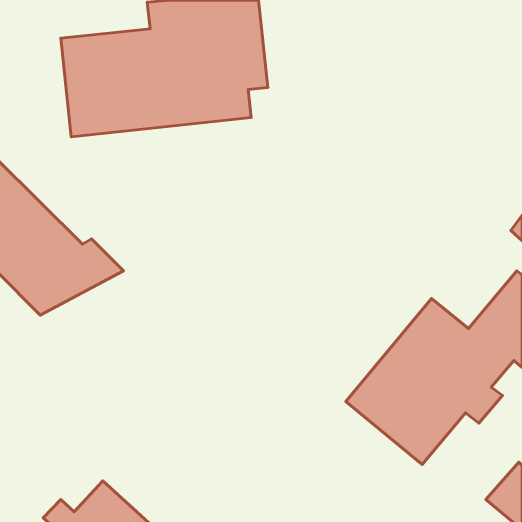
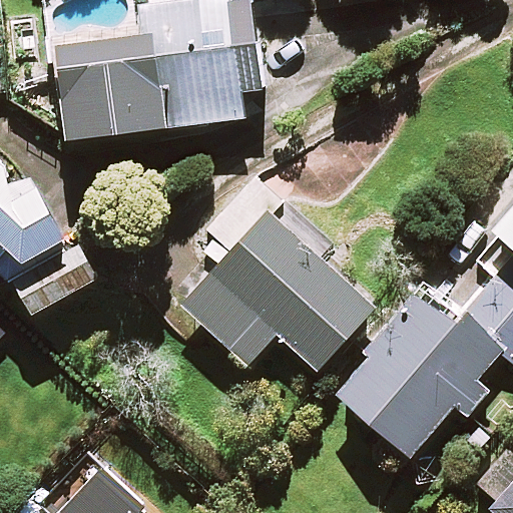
building: none -> [182,190,372,370]

